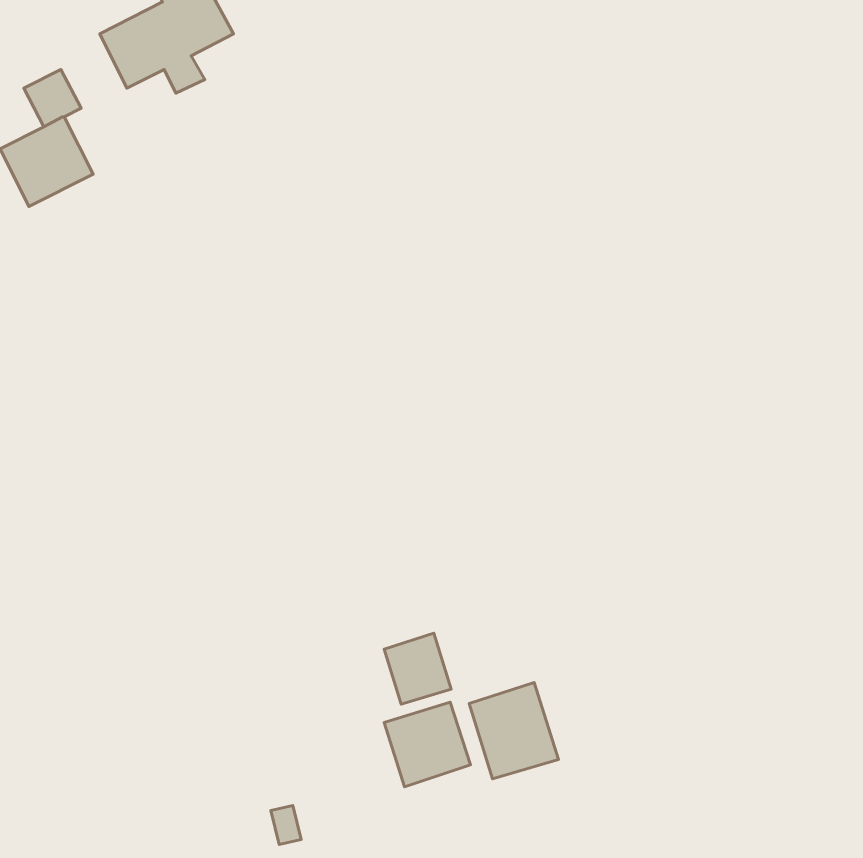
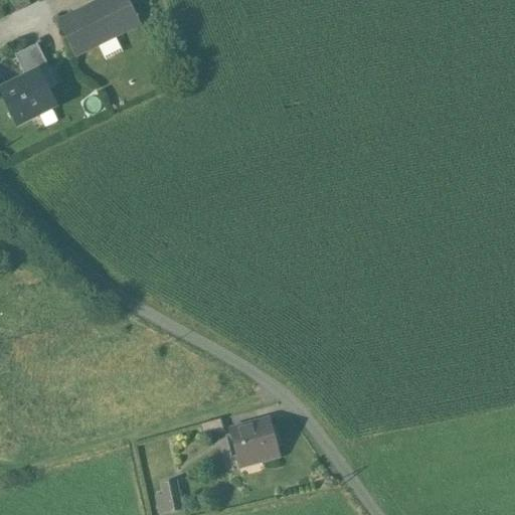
building: [384,633,451,704] -> none
building: [469,682,558,779] -> none

